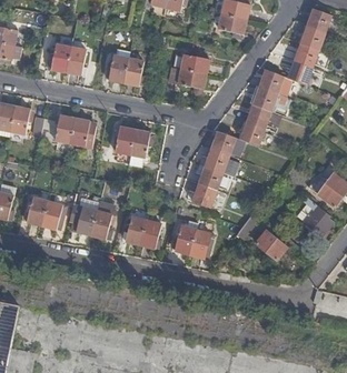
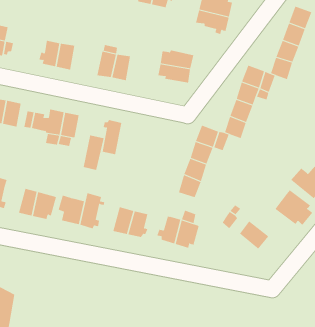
building: [128,129,150,165] -> [83,135,104,170]

